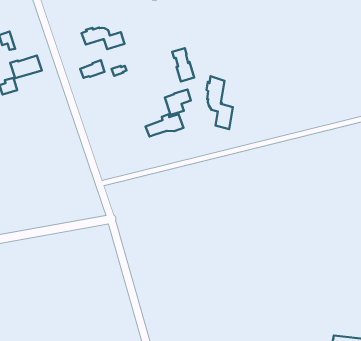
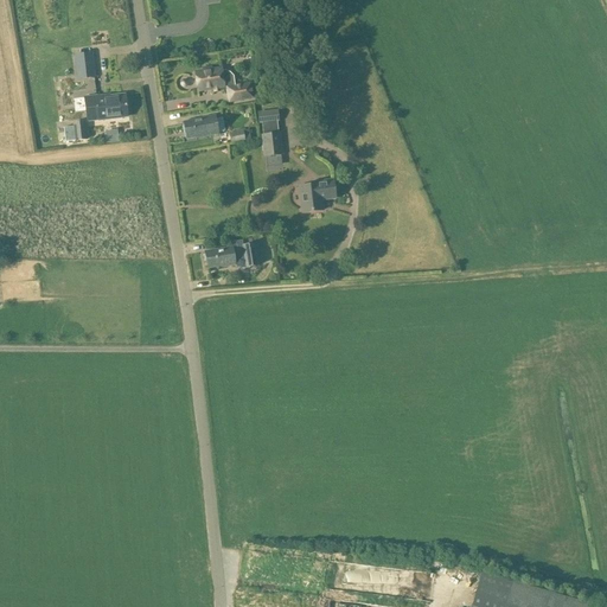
building: [172,48,194,82] -> [258,108,283,155]
building: [206,76,233,129] -> none
building: [145,114,184,136] -> [205,239,260,267]

